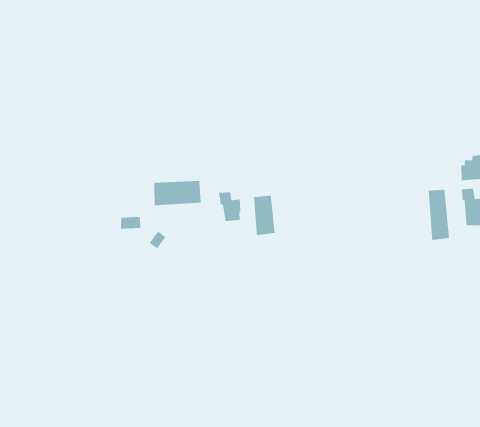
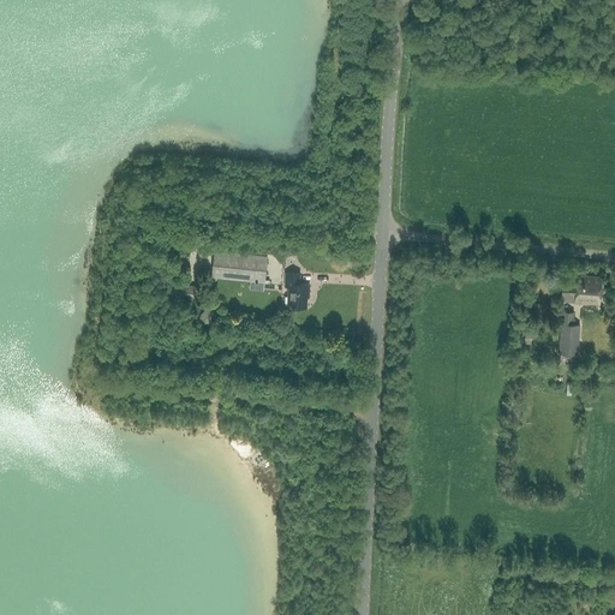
building: [428,189,449,241] -> none
building: [253,195,275,236] -> none

